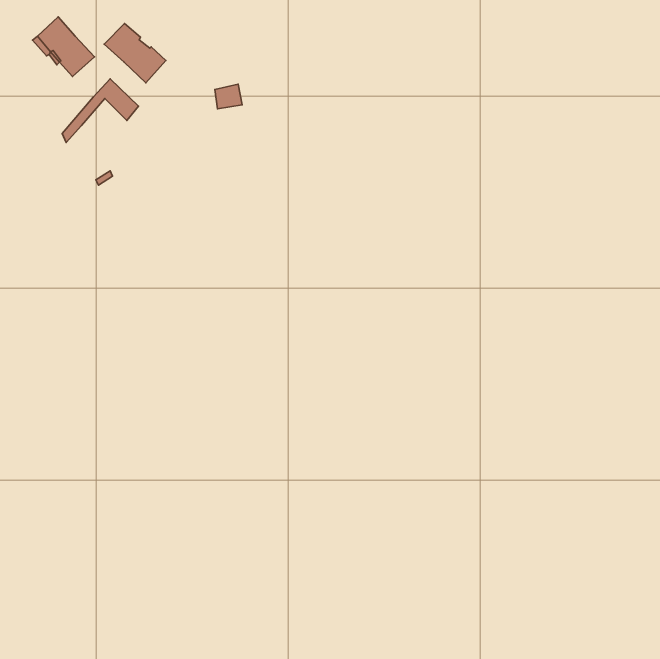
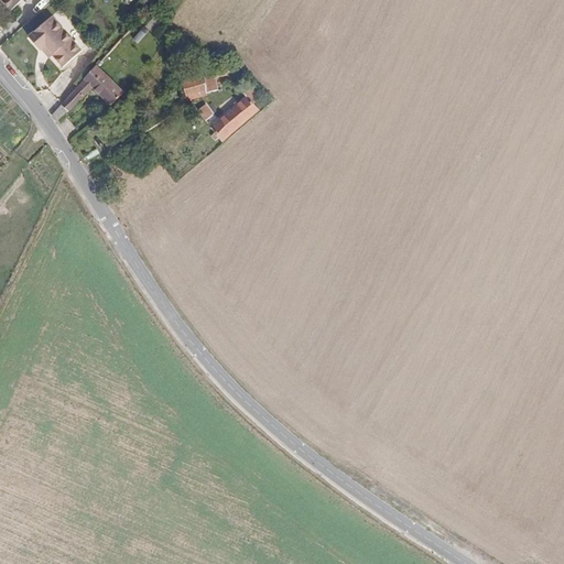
building: [104,23,166,83] -> none
building: none -> [212,86,260,139]

